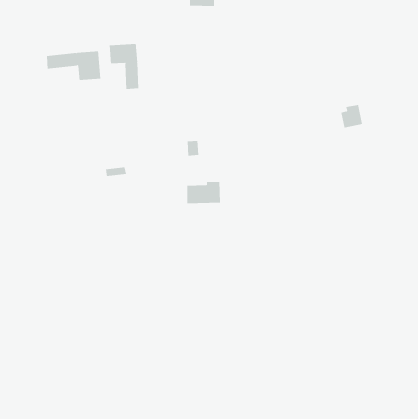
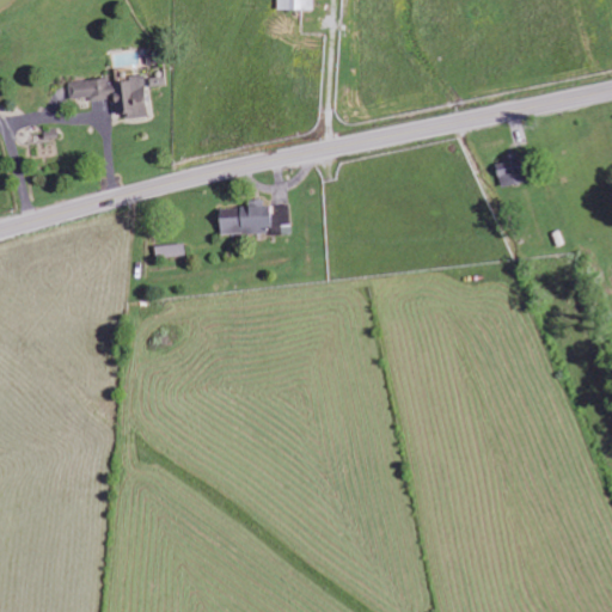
building: [109,43,139,90] -> none
building: [186,182,221,204] -> [219,202,269,234]

